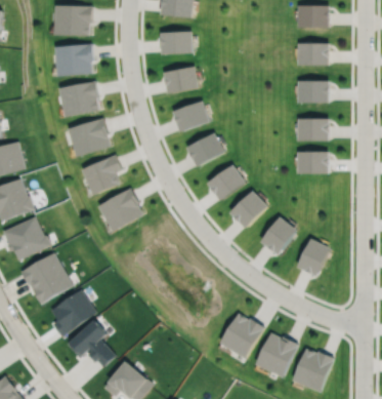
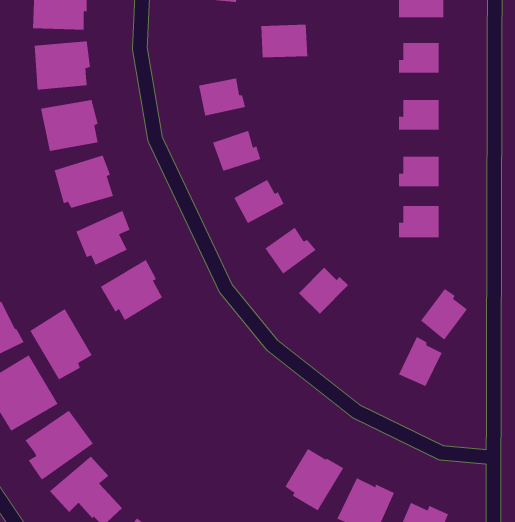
building: [161,32,193,54] -> [260,24,308,58]
building: [263,218,295,253] -> [420,288,468,340]
building: none -> [29,308,93,380]

